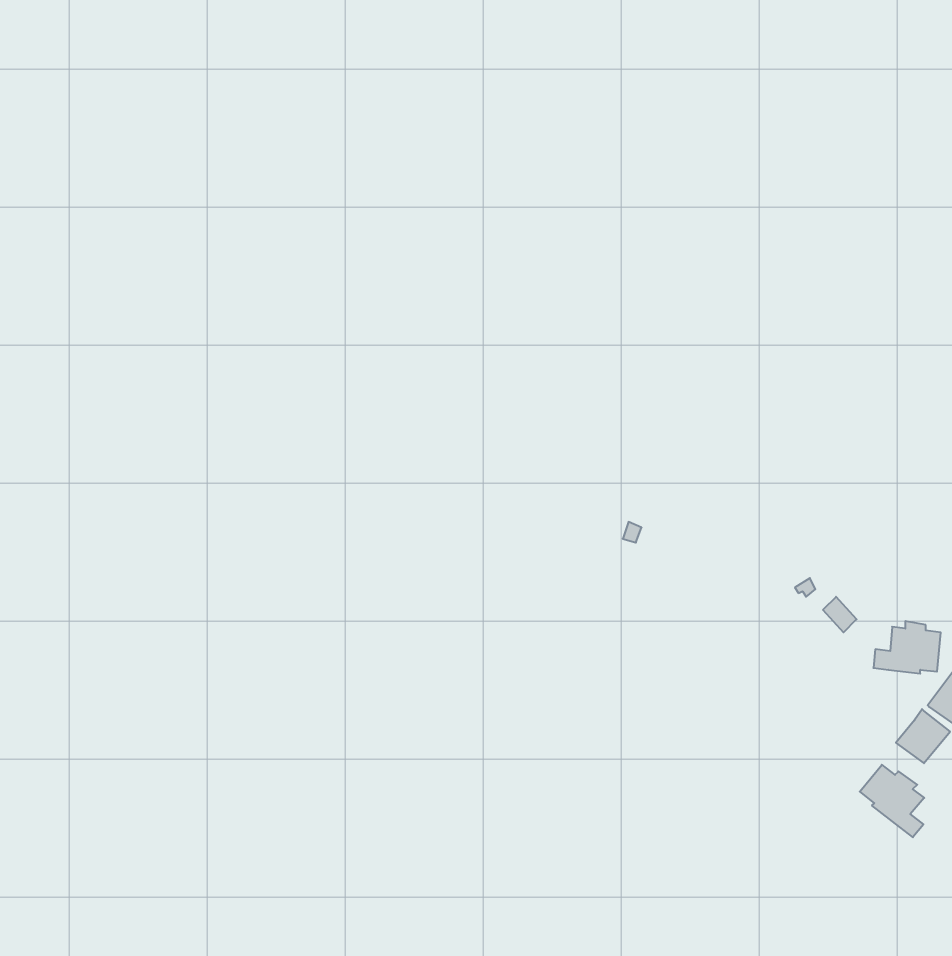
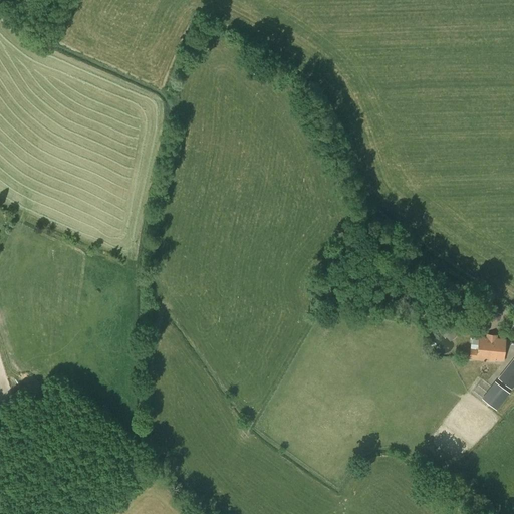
building: [860,765,924,837] -> none

